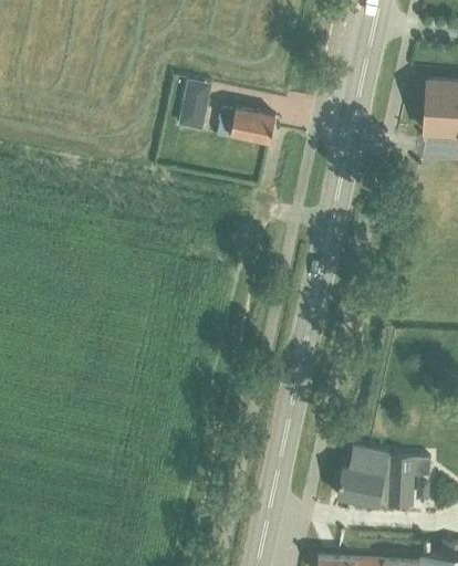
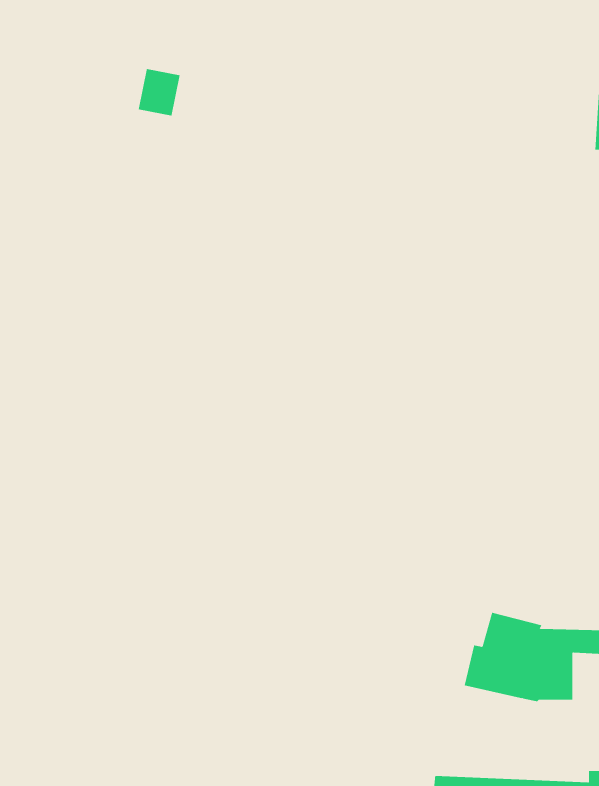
building: [178,93,207,125] -> [138,69,180,116]
building: [219,105,275,143] -> none

